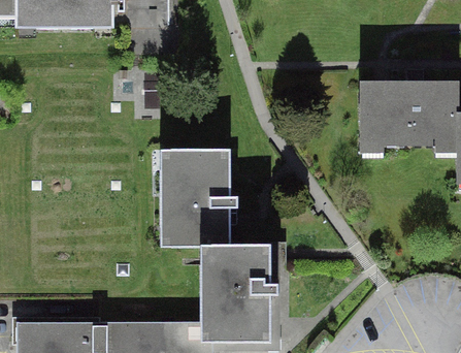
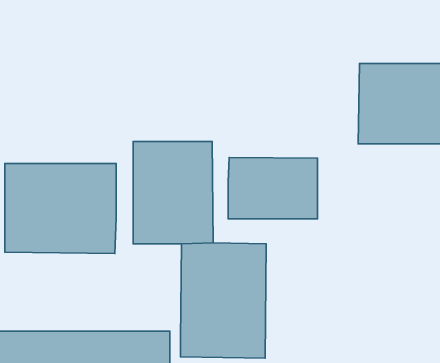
building: none -> [228,157,317,219]
building: none -> [5,164,116,254]

